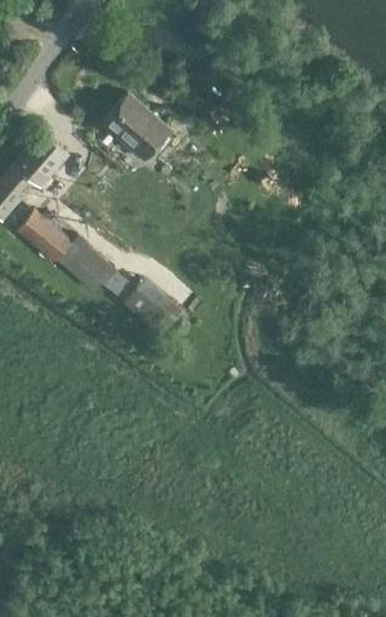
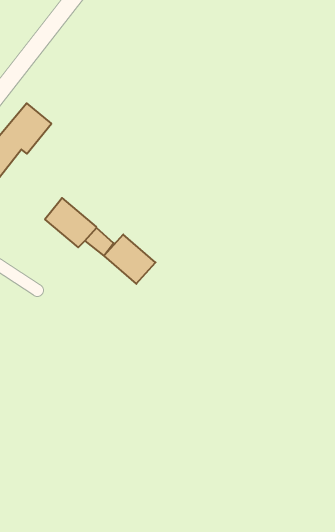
building: [105,96,172,163] -> none
building: [17,212,74,265] -> none

